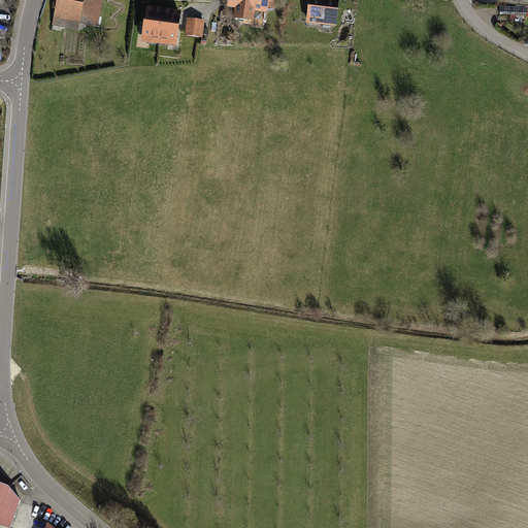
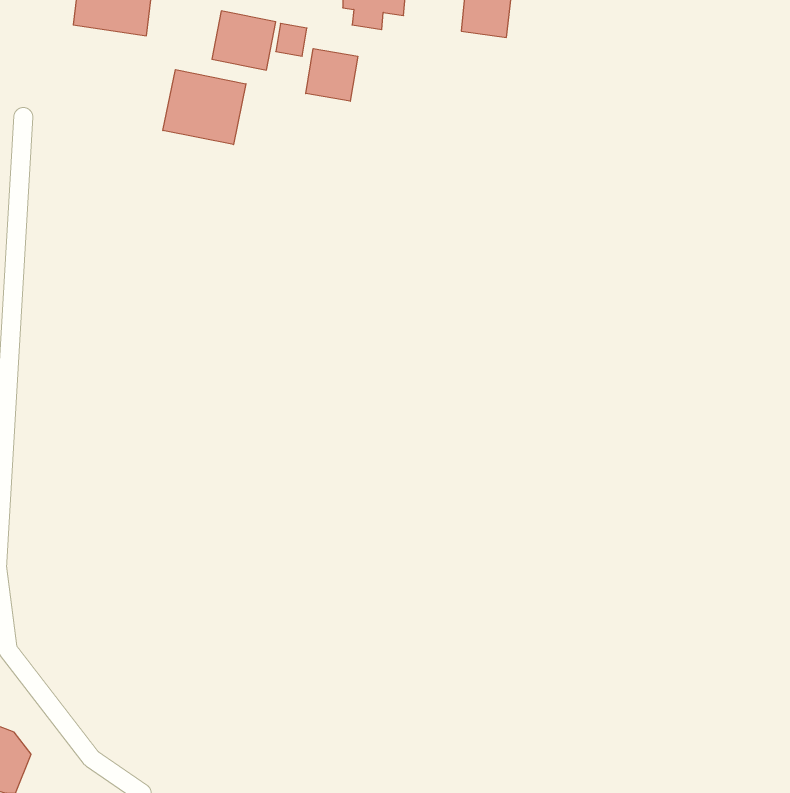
building: none -> [306,49,358,101]
building: none -> [163,70,246,145]

